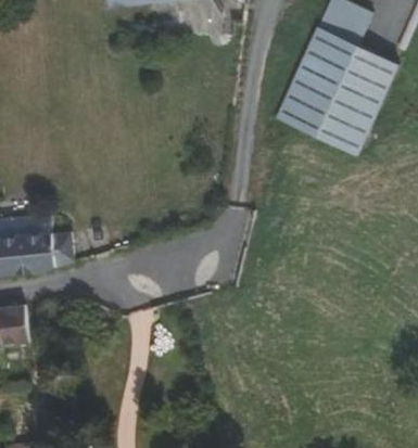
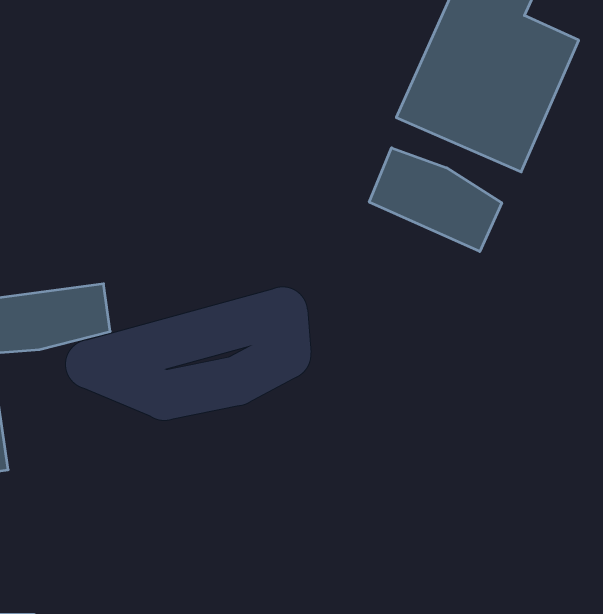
building: none -> [369,148,502,252]

